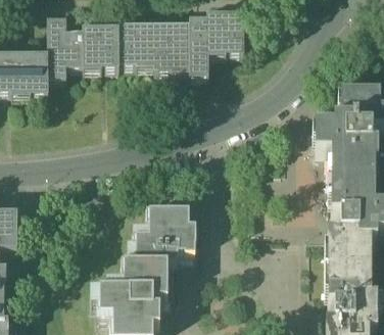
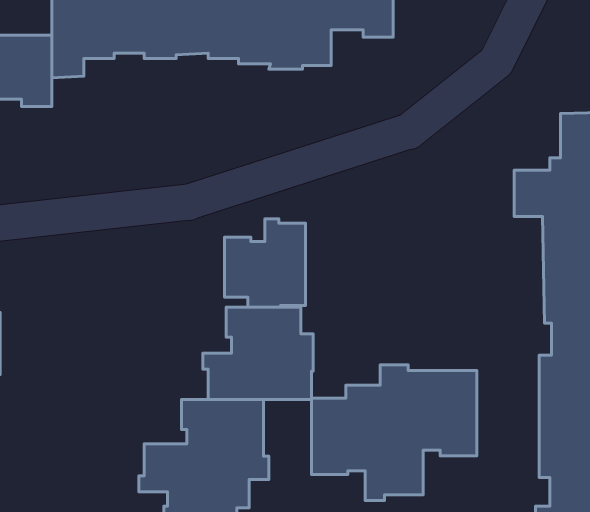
building: none -> [224,219,305,307]
building: none -> [311,365,477,500]

